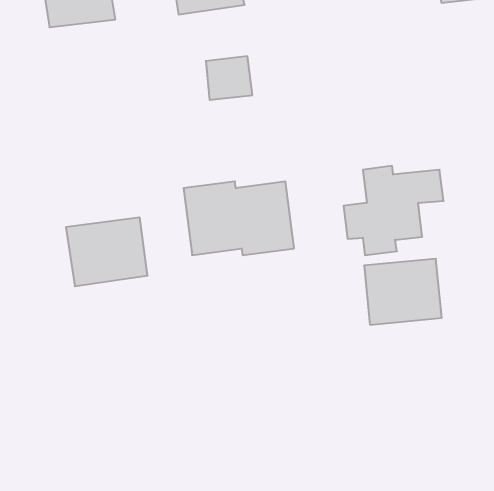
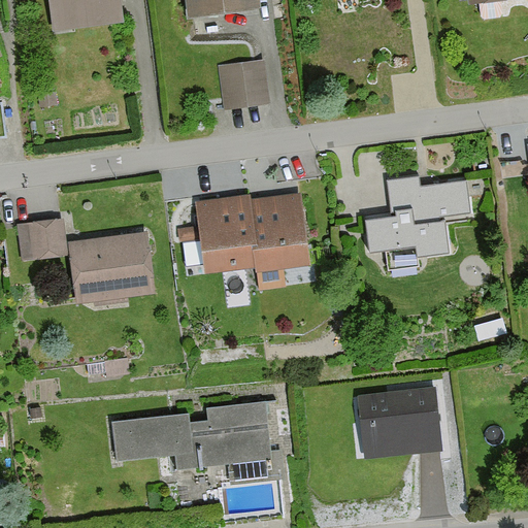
building: none -> [16,219,66,259]
building: [364,259,442,325] -> [359,387,441,457]
building: none -> [110,401,269,468]

